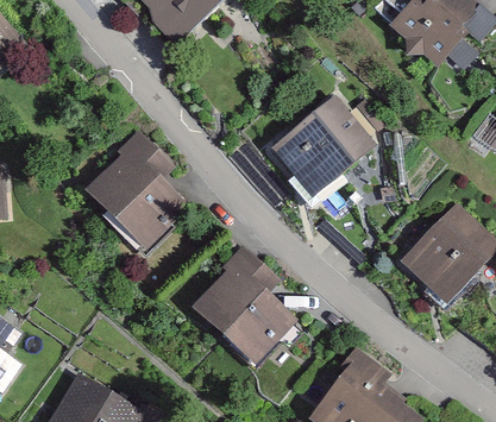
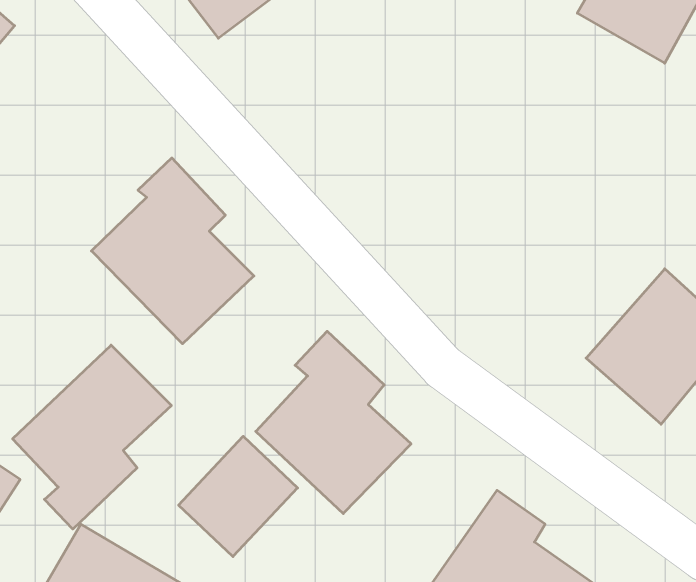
building: [285,99,390,201] -> none
building: none -> [13,345,171,529]
building: none -> [179,436,298,557]

